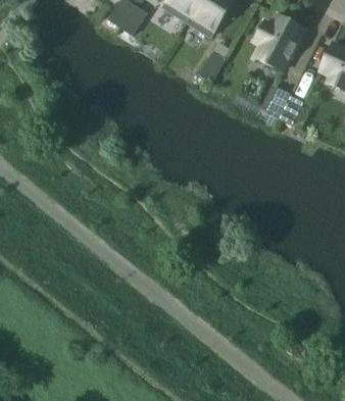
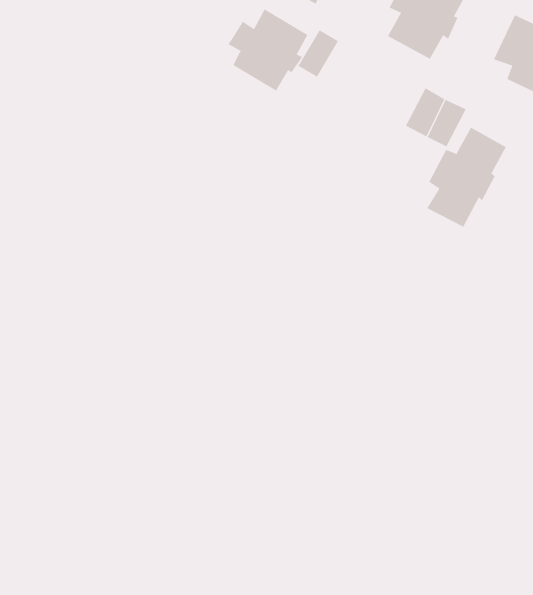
building: none -> [228,9,308,91]
building: none -> [426,127,507,227]

